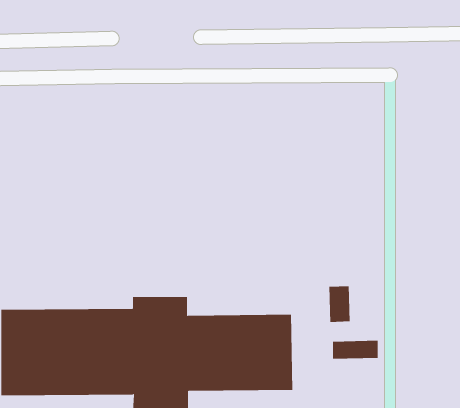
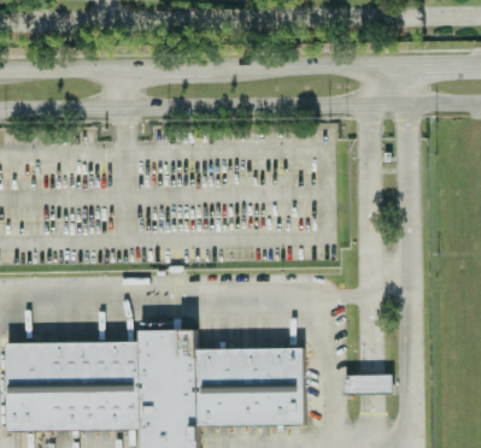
building: [329,285,350,323] -> none

